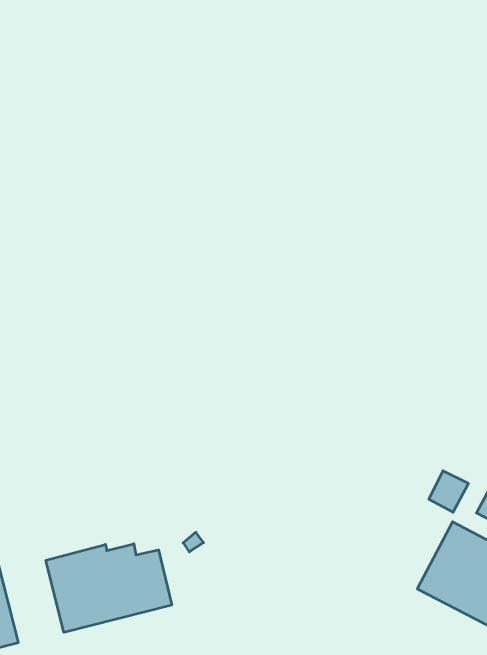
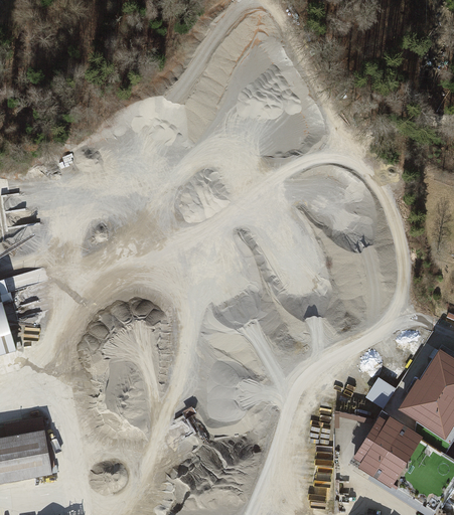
building: [46,544,172,632] -> none

